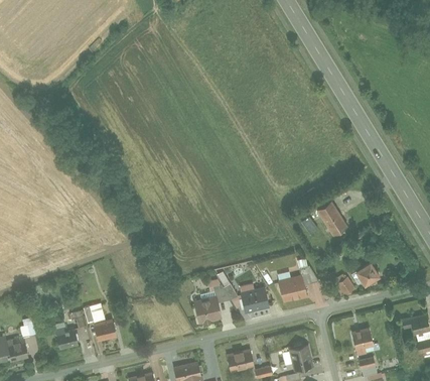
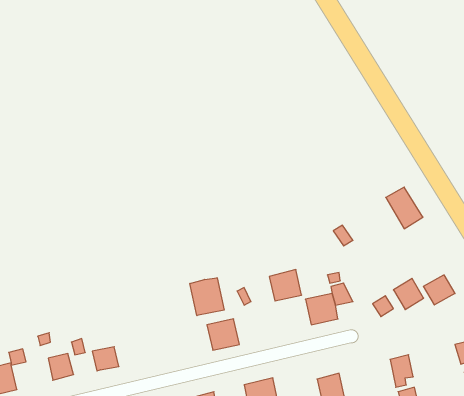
building: [316,201,348,237] -> [386,187,423,229]
building: none -> [423,275,455,305]
building: none -> [190,278,224,316]
building: [241,285,269,312] -> [269,270,302,301]

